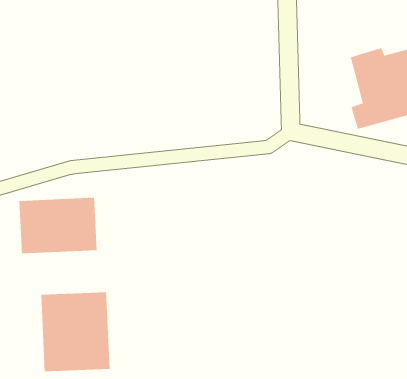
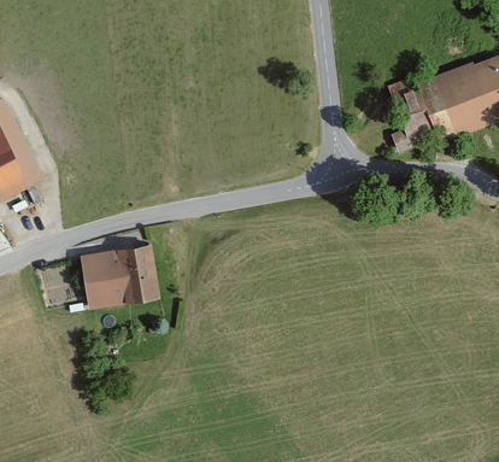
building: [40,292,110,372] -> none

